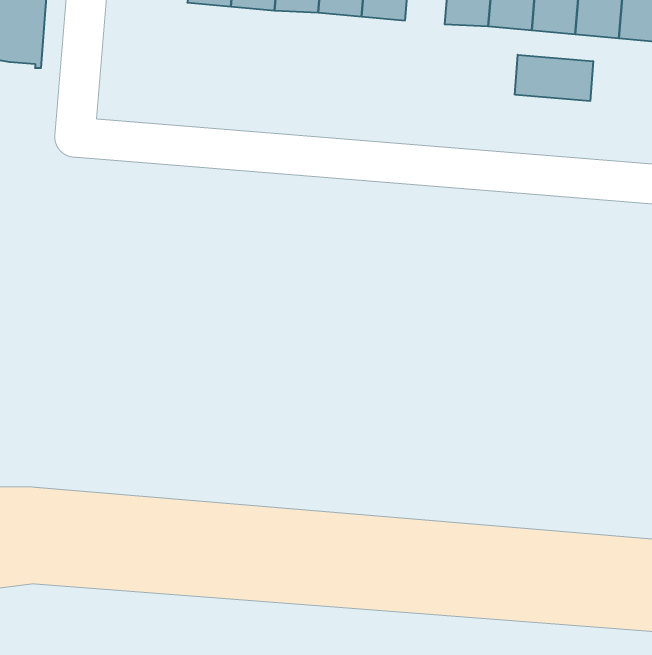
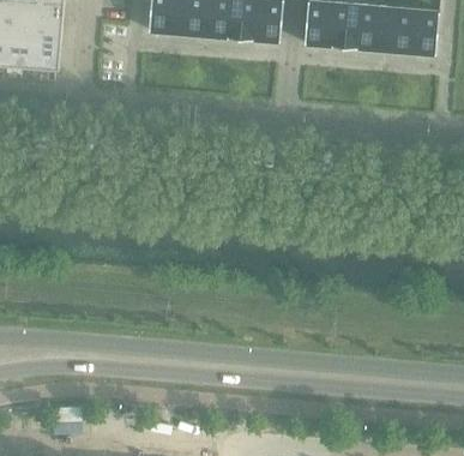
building: [515,55,593,101] -> none

